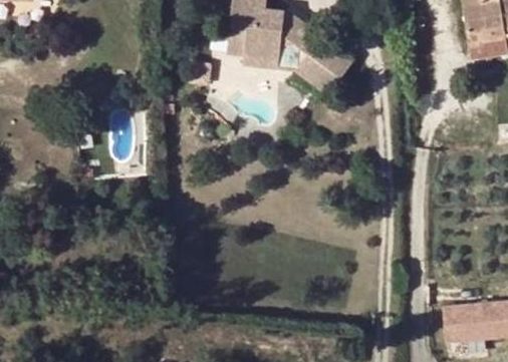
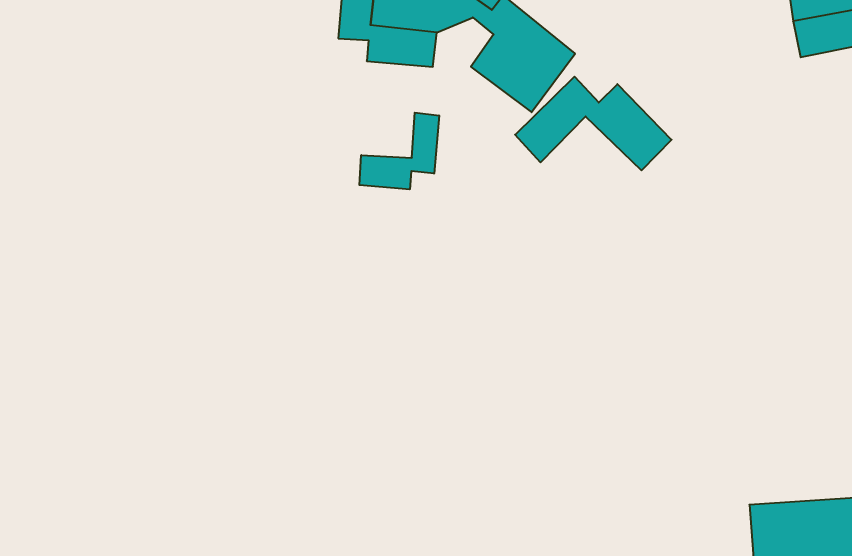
building: none -> [515,77,672,170]
building: none -> [359,113,439,189]

